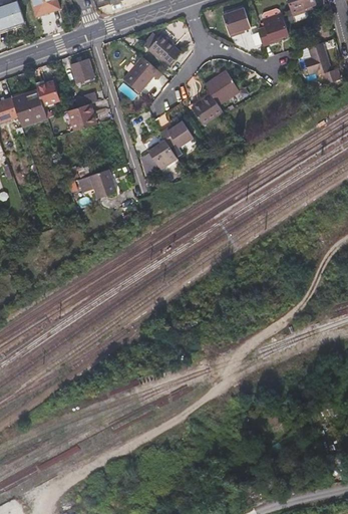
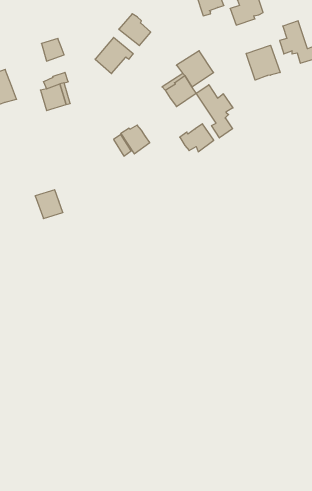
building: none -> [246,45,280,80]
building: [35,79,59,104] -> none
building: none -> [196,85,233,138]
building: [159,121,193,149] -> [180,124,214,152]
building: [91,168,118,196] -> [35,190,63,219]

